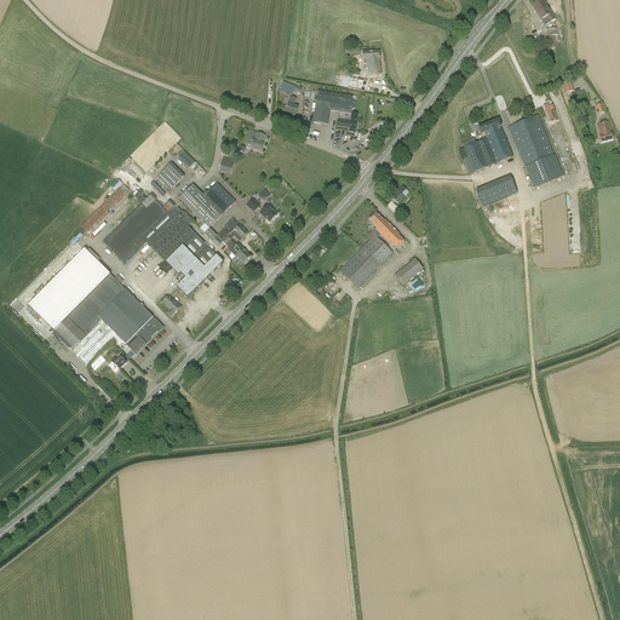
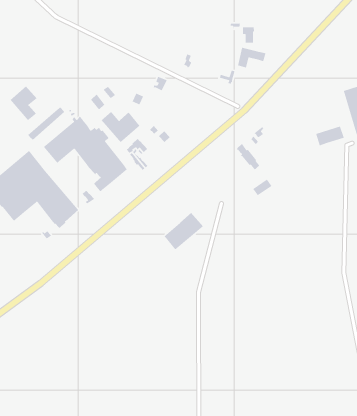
building: [314,94,352,124] -> [237,47,266,69]
building: [464,119,512,173] -> none
building: none -> [9,86,37,121]
building: [339,232,394,287] -> [163,212,204,250]

